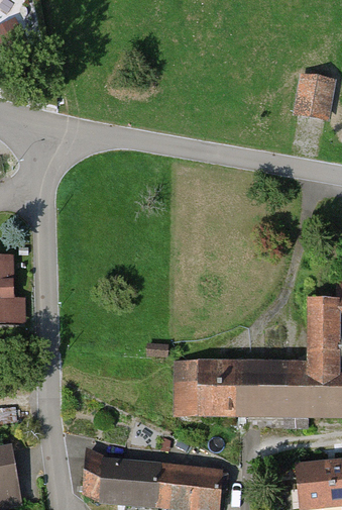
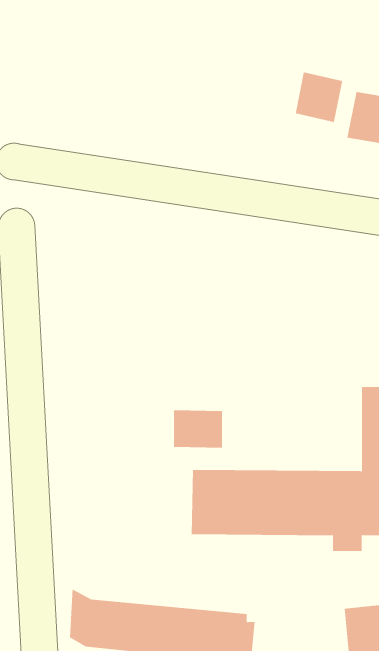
building: none -> [295,71,343,123]
building: none -> [173,409,223,448]

